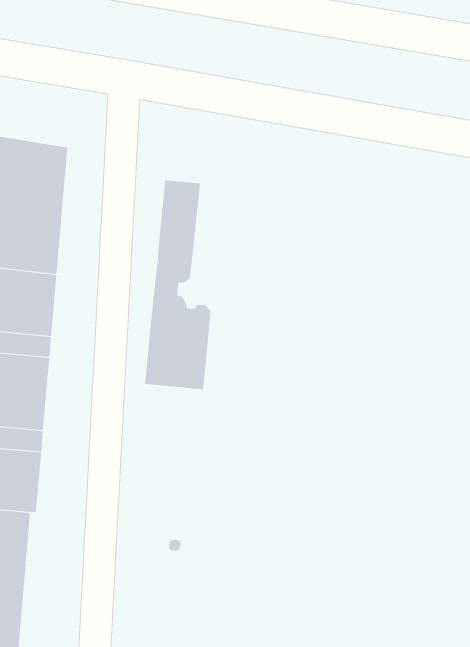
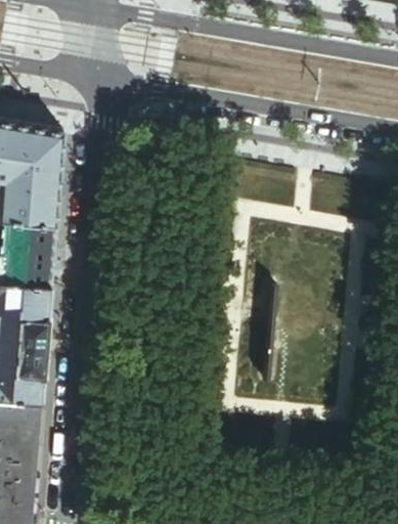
building: [145,179,211,390] -> none

